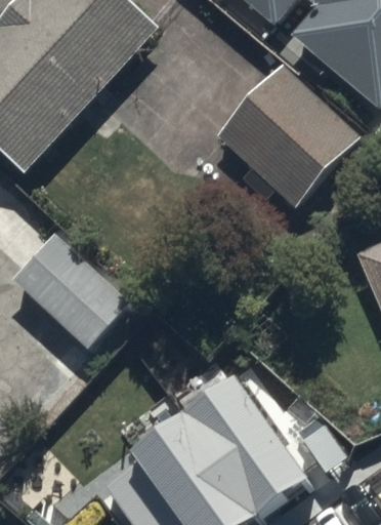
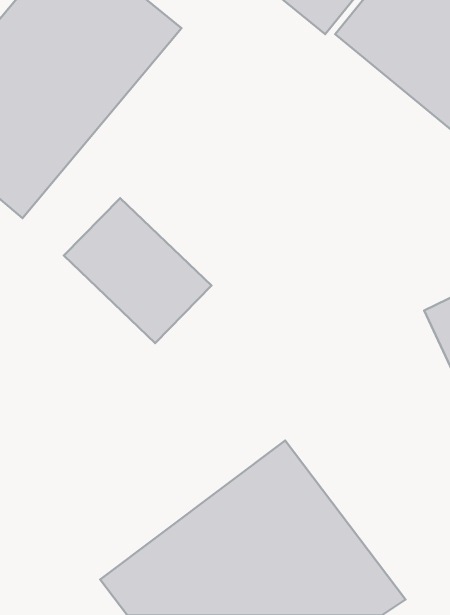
building: [217,59,368,209] -> none
building: [12,236,133,355] -> [64,198,212,343]

